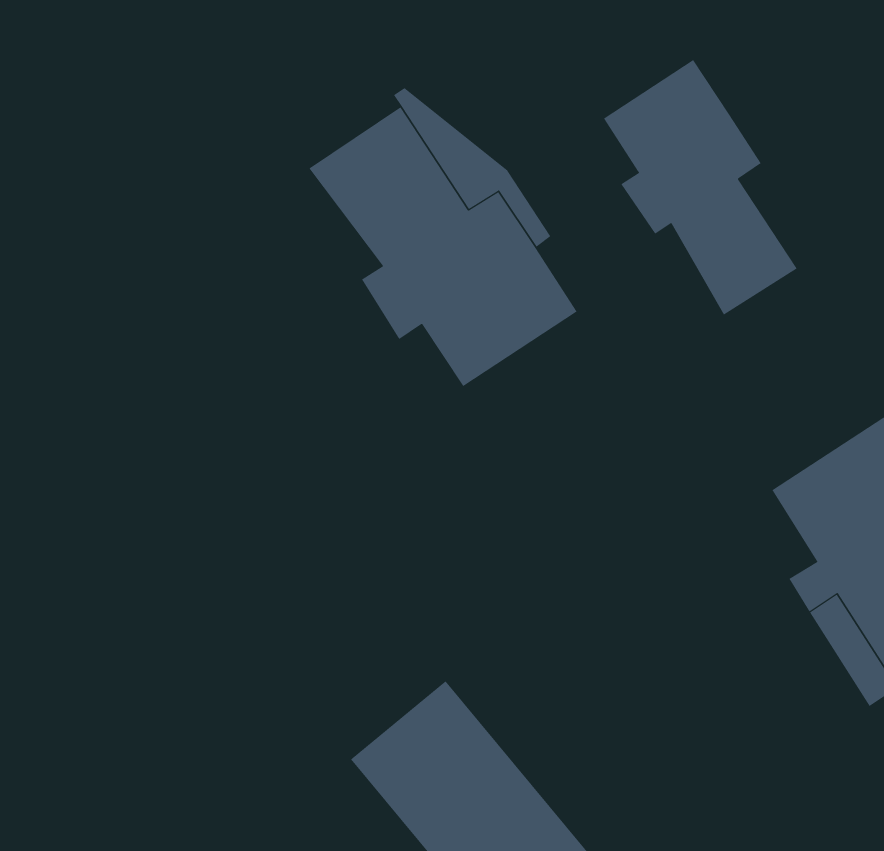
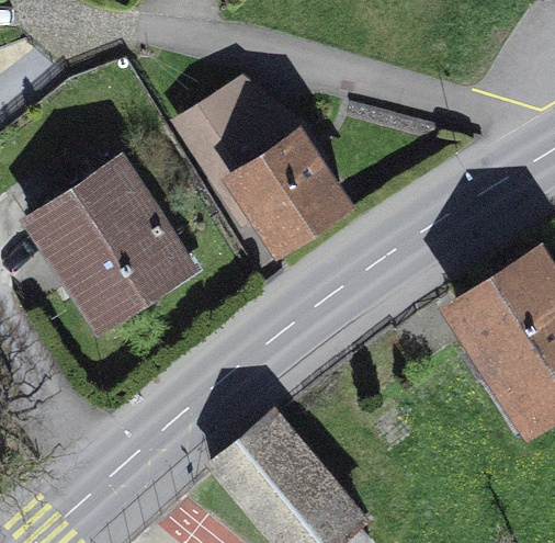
building: [603,59,797,316] -> none
building: none -> [30,160,190,326]

